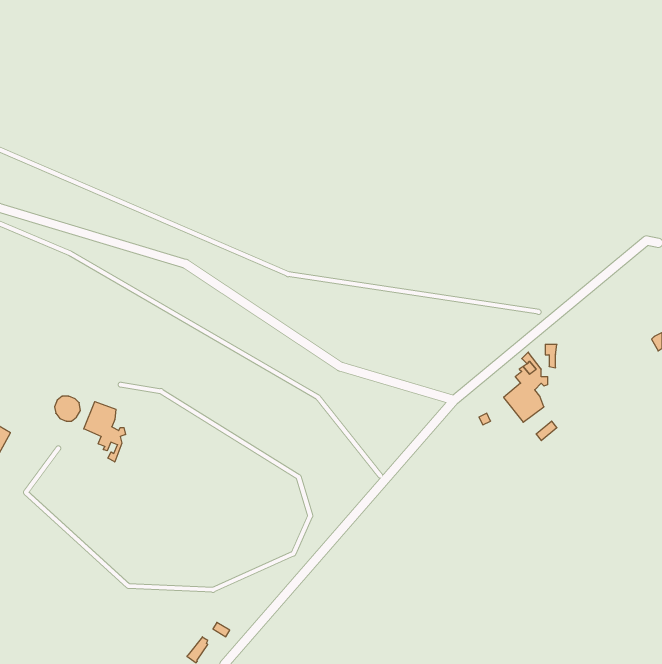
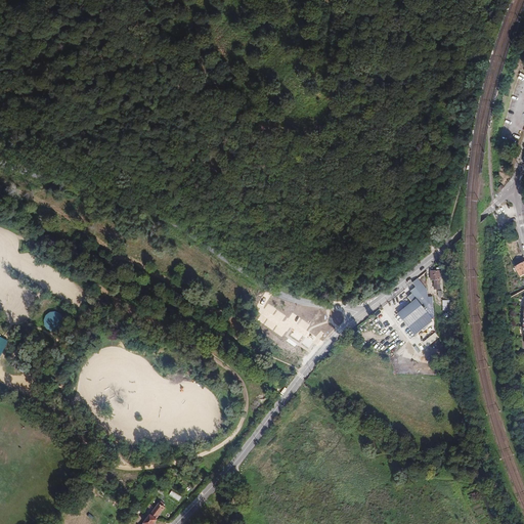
building: [84,402,126,462] -> none

